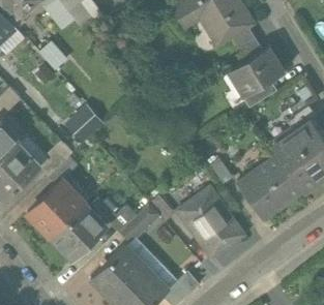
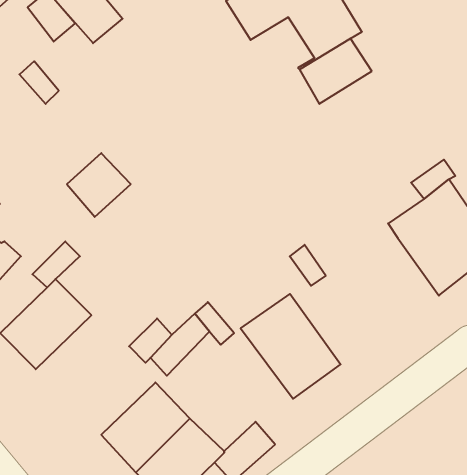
building: [229,45,285,95] -> none
building: [239,155,304,219] -> none
building: [50,204,108,262] -> none

